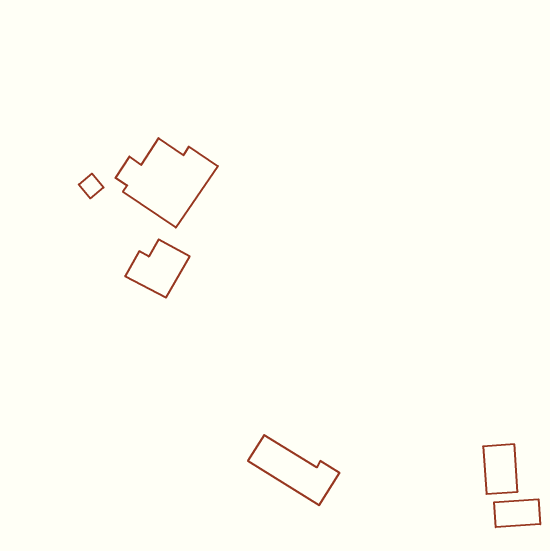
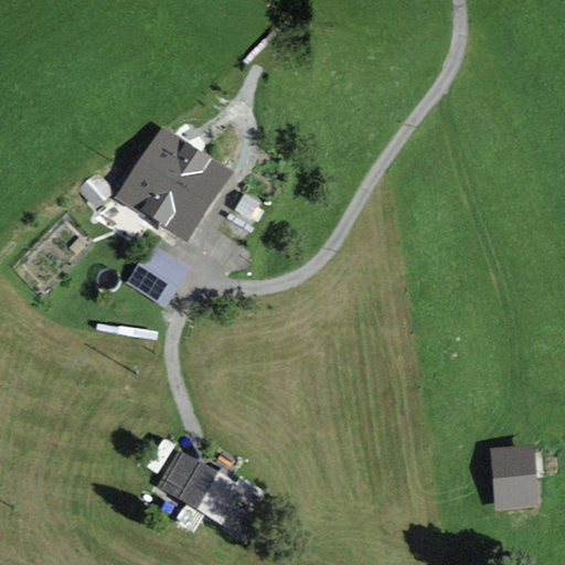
building: [248,435,340,505] -> [163,460,257,532]
building: [494,499,540,527] -> none

